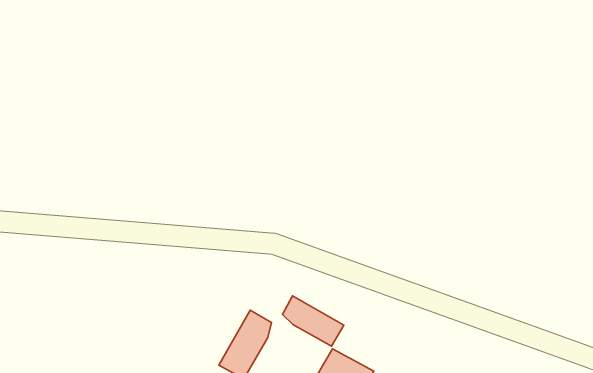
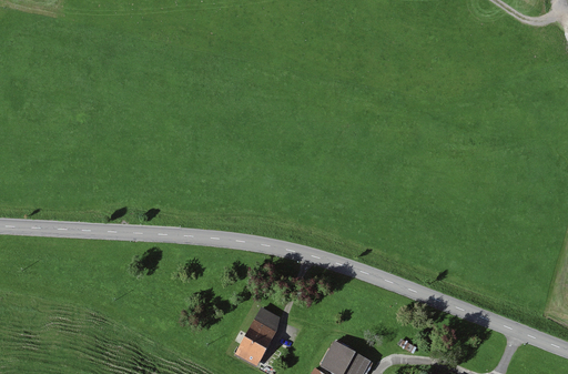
building: [282,296,344,346] -> none

